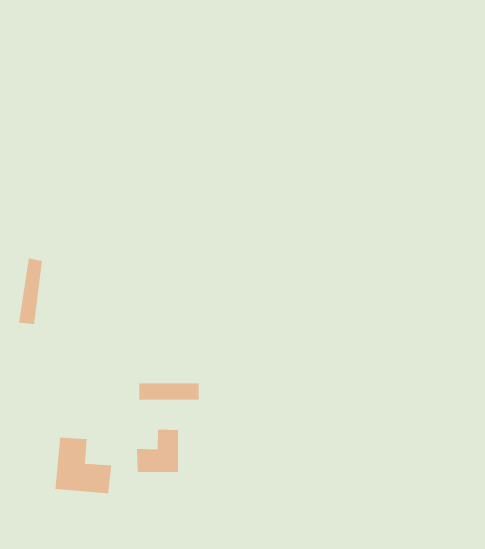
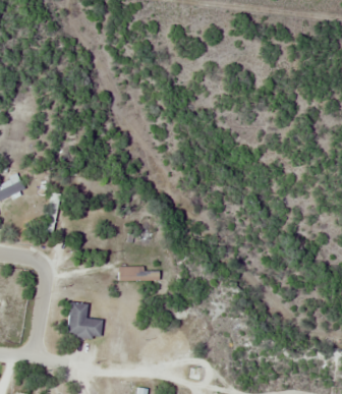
building: [136,429,179,473] -> none

